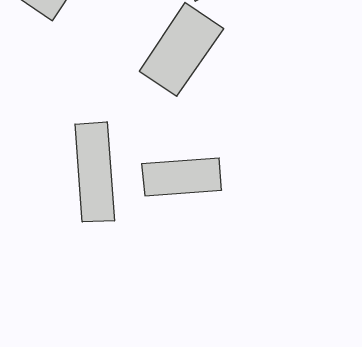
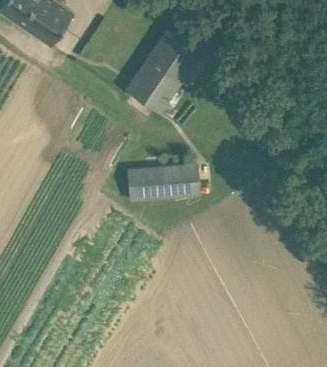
building: [75,122,114,222] -> none

